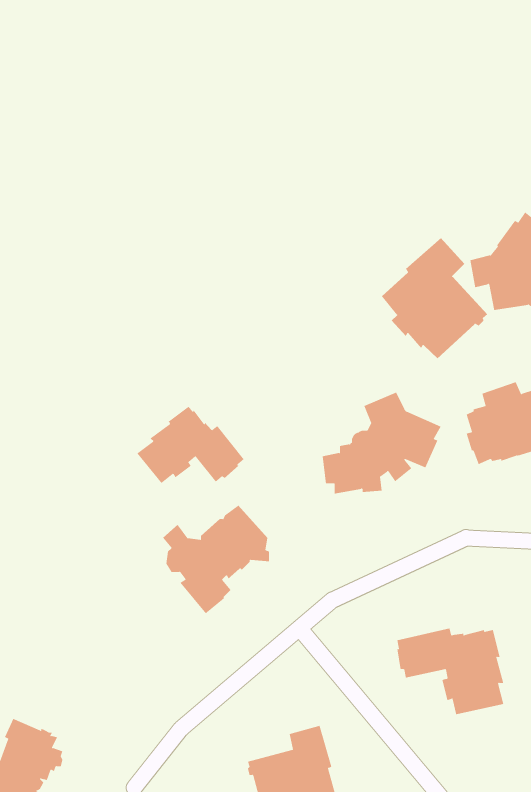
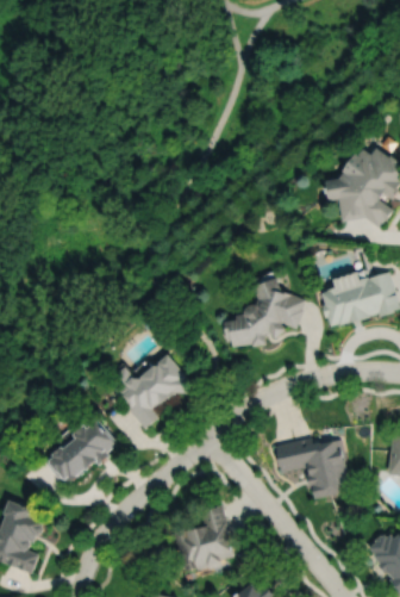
building: [381,237,488,359] -> none
building: [137,406,244,484] -> none
building: none -> [43,419,117,487]

